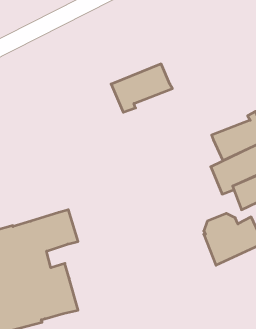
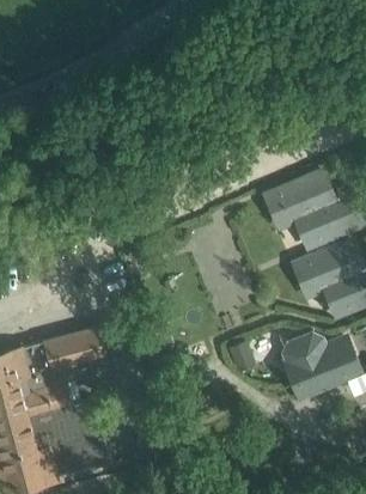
building: [111,64,172,112] -> [258,169,342,234]

